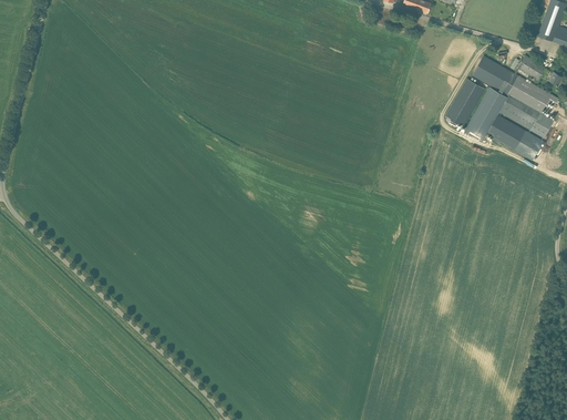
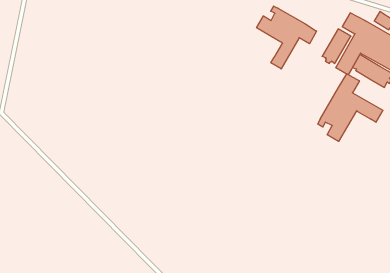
building: none -> [257,6,317,69]
building: none -> [318,74,383,141]

